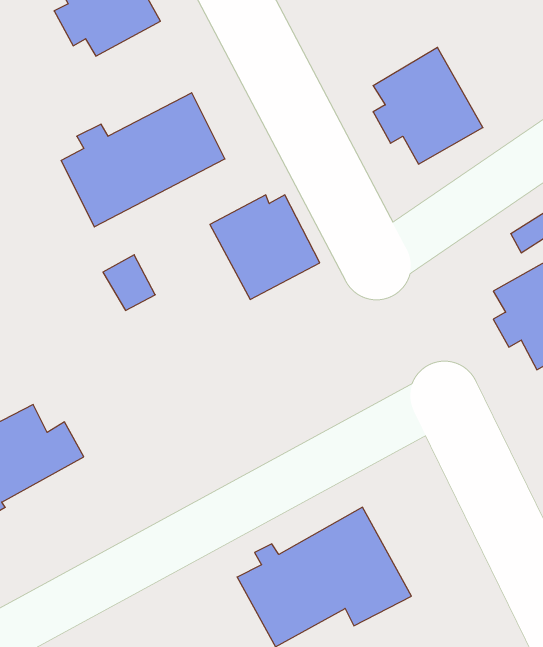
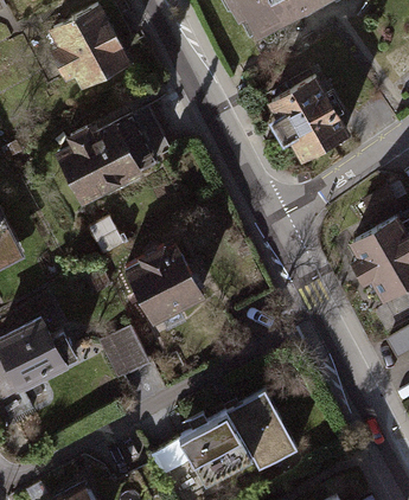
building: [210,195,320,299] -> [124,249,199,320]
building: none -> [101,331,147,377]

